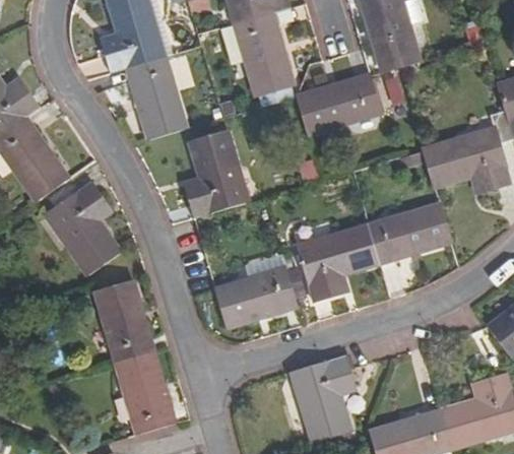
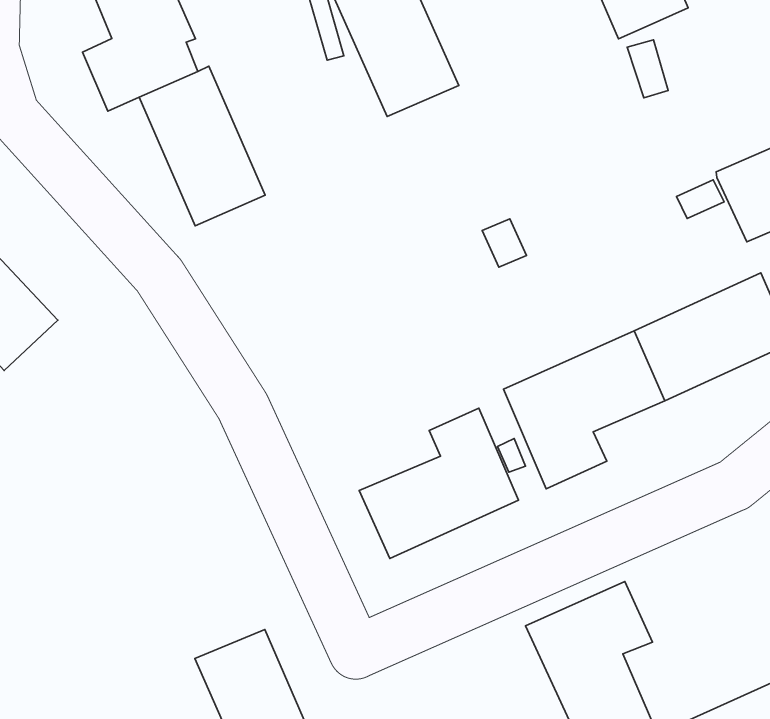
building: [298,74,381,136] -> none
building: [184,129,248,218] -> none
building: [46,182,119,276] -> none
building: [95,280,155,365] -> none

